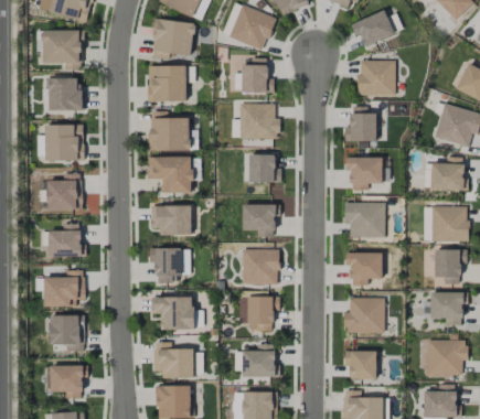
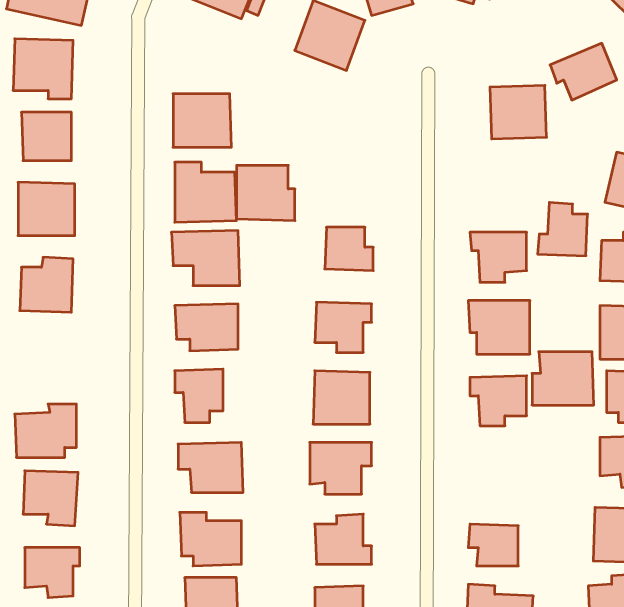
building: [350,10,394,47] -> [550,43,617,100]
building: [151,19,194,60] -> none
building: [242,58,273,94] -> none
building: [239,104,278,140] -> [237,165,295,221]
building: [343,106,376,141] -> [538,202,588,256]
building: [47,224,85,258] -> none
building: [343,298,384,333] -> [532,352,594,405]

